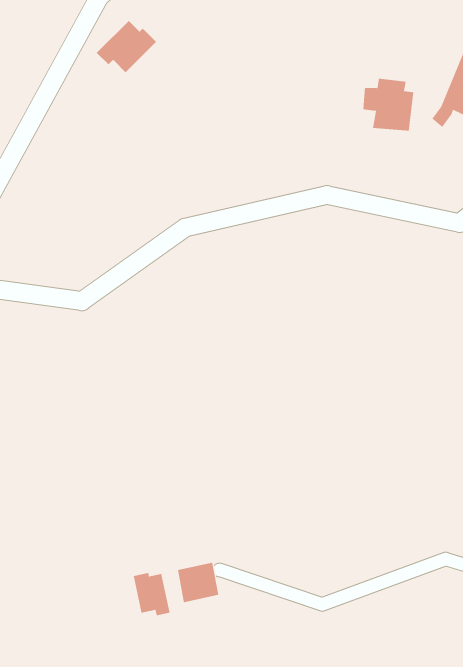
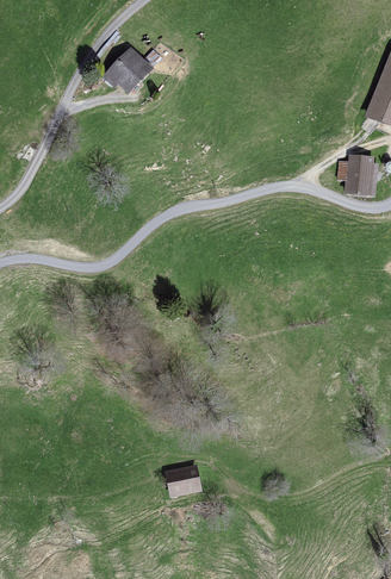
building: [363,78,414,131] -> [339,154,378,194]
building: [133,572,170,616] -> none

